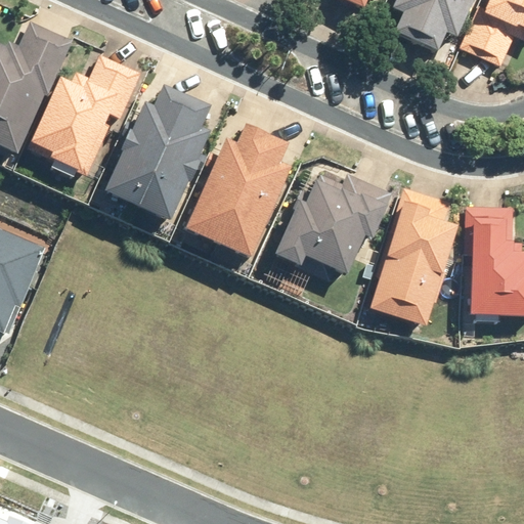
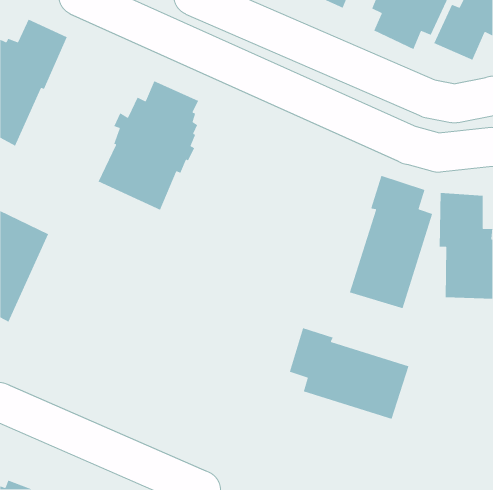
building: [30,53,139,177] -> none
building: [185,124,292,260] -> none
building: [274,172,392,275] -> none
building: none -> [289,327,410,420]

